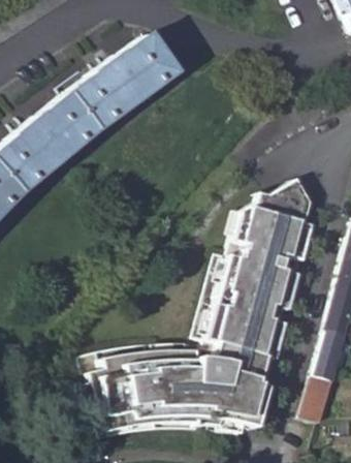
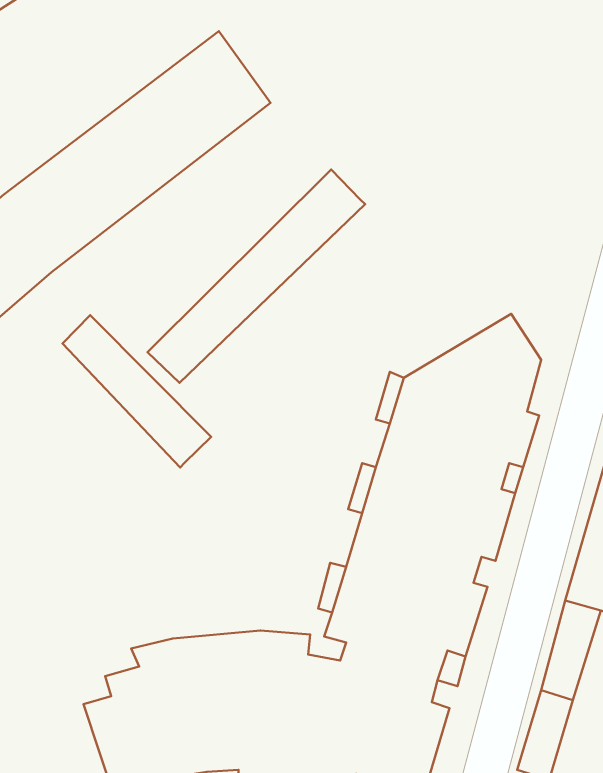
building: none -> [147,170,365,383]
building: none -> [63,315,211,468]

